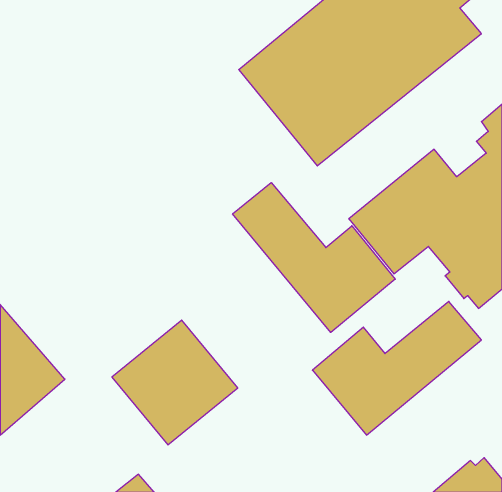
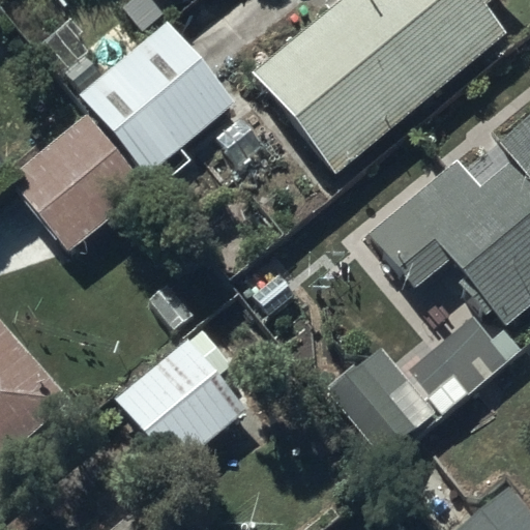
building: none -> [80,21,236,176]
building: none -> [12,114,144,245]
building: [233,183,395,332] -> none

